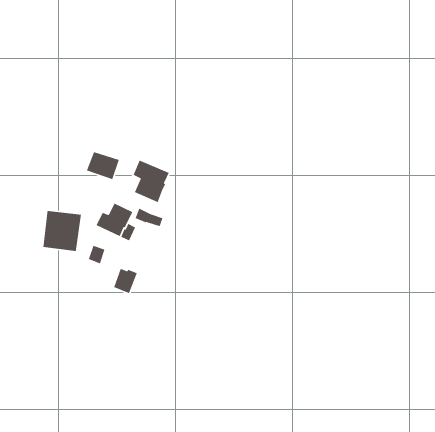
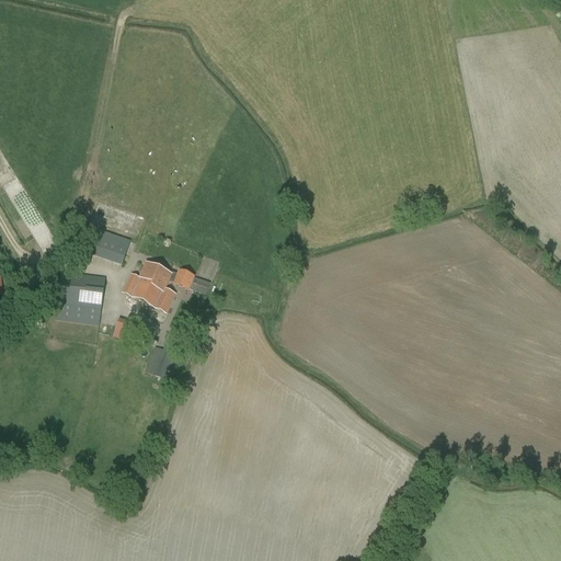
building: [86,151,120,180] -> [87,228,130,265]
building: [133,159,170,203] -> none

